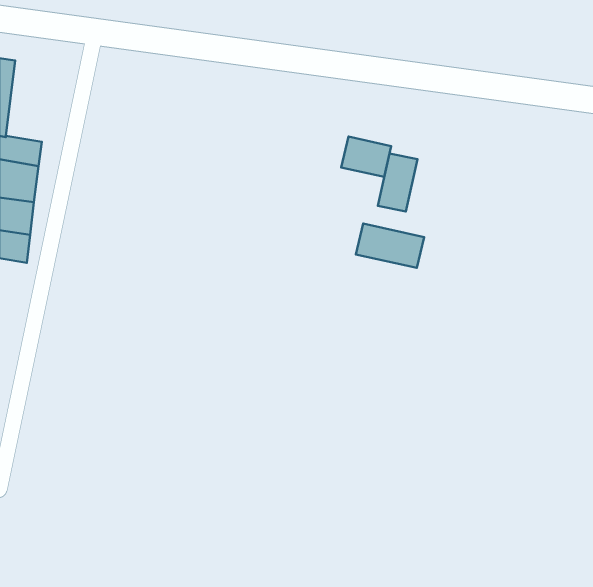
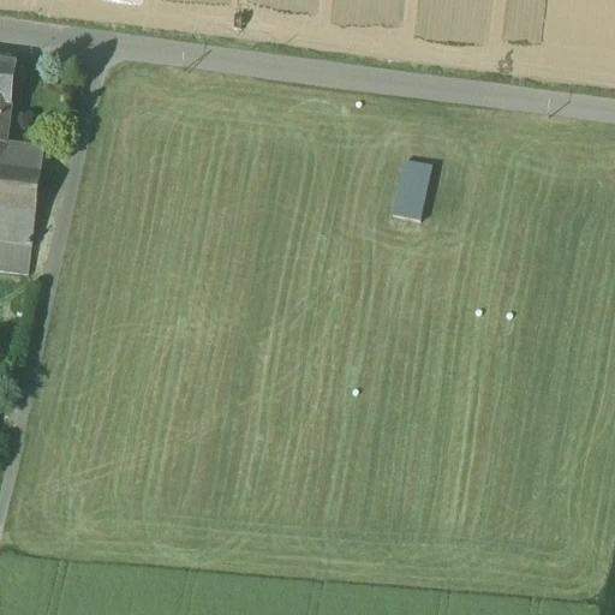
building: [341,136,391,177] -> none
building: [356,223,424,268] -> none

